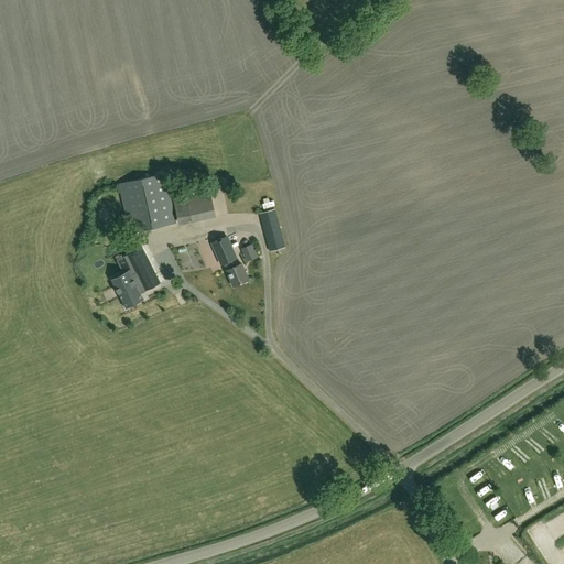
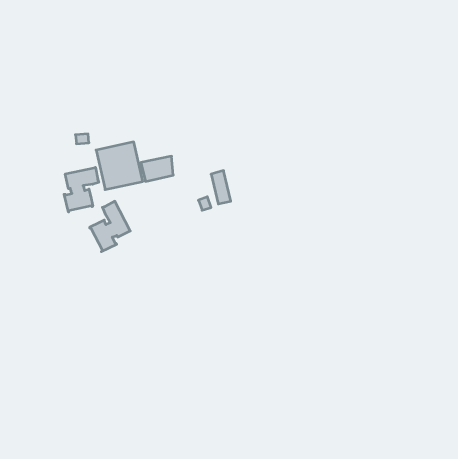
building: none -> [64,167,99,212]
building: [212,235,248,286] -> none

